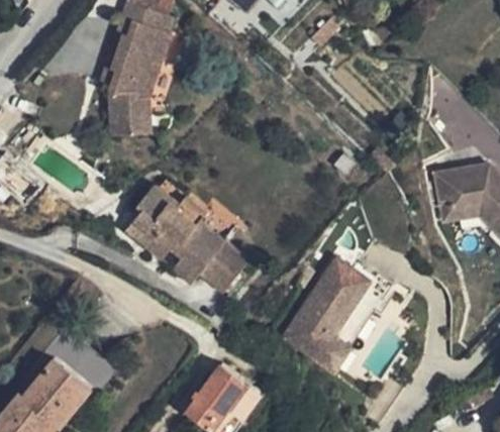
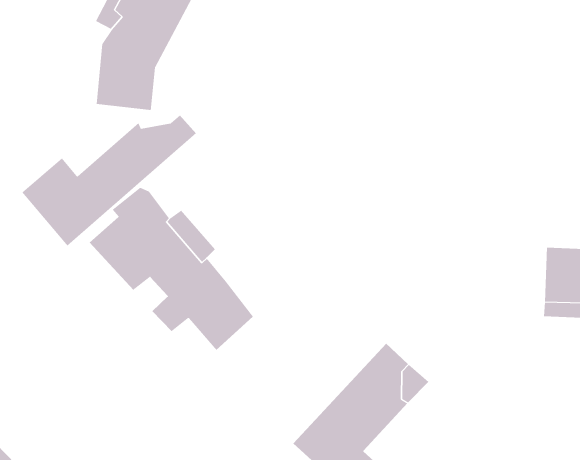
building: none -> [21,114,197,247]

